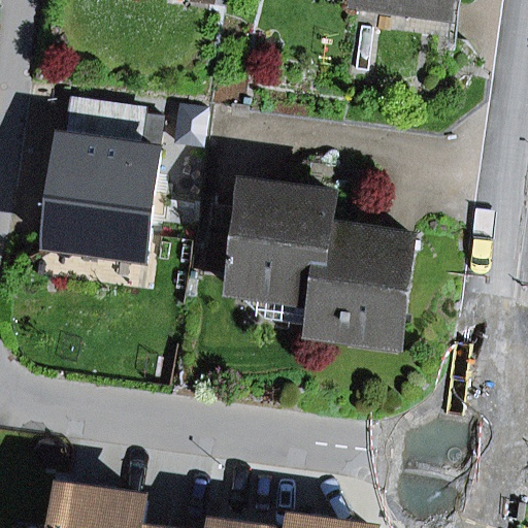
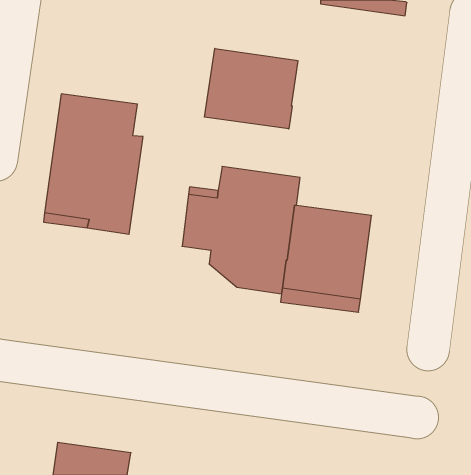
building: none -> [205,48,298,129]

